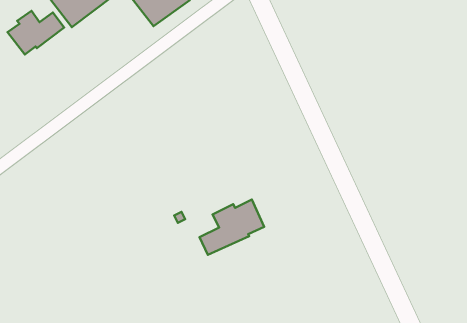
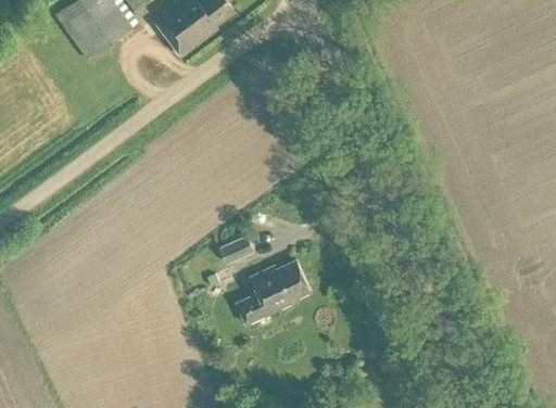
building: [8,11,64,54] -> none
building: none -> [218,235,255,265]

